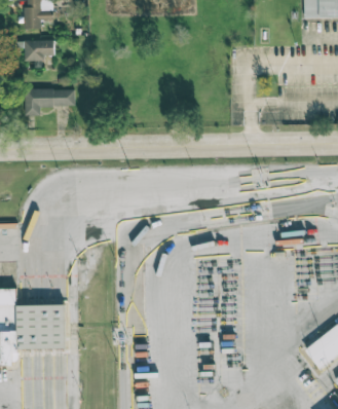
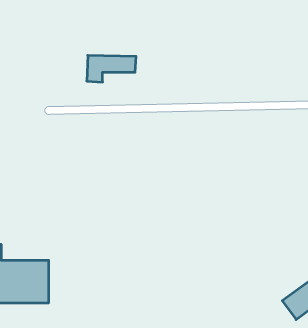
building: [23,39,52,60] -> none
building: [23,87,74,115] -> [87,55,136,82]

